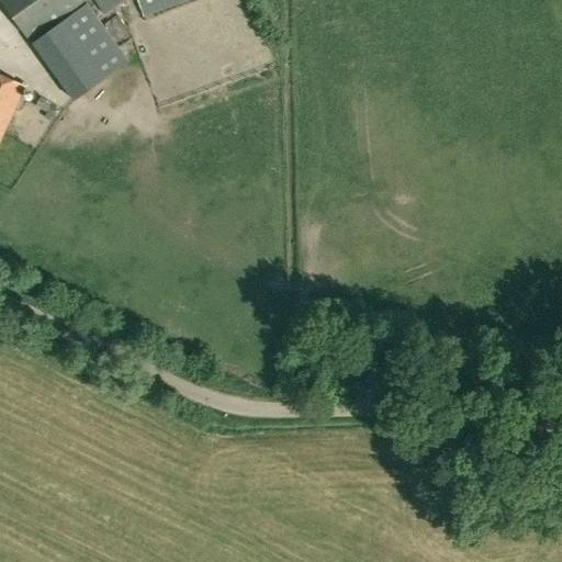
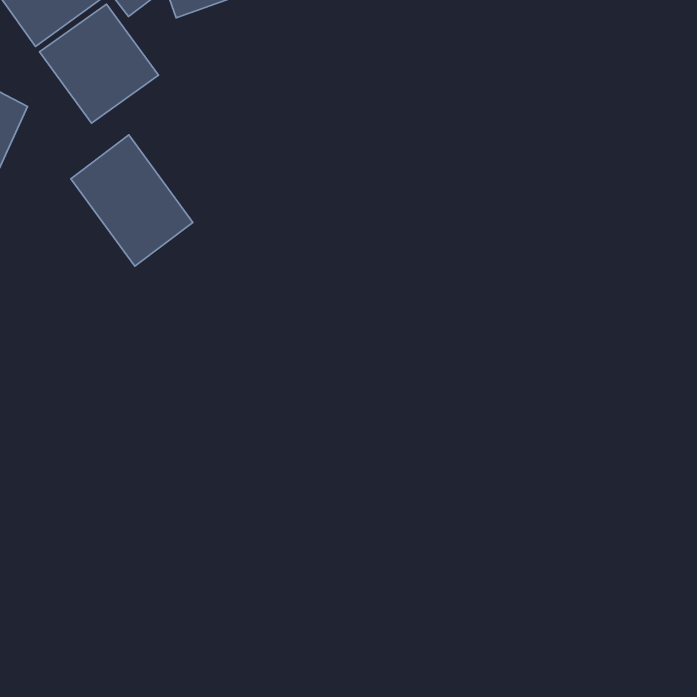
building: none -> [71,135,193,266]

